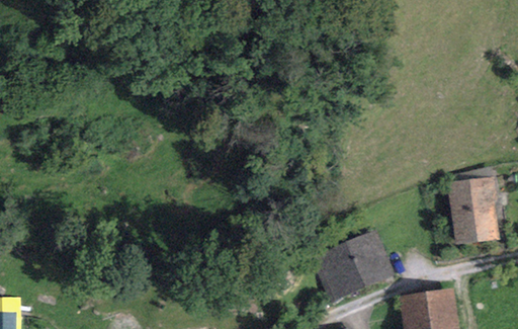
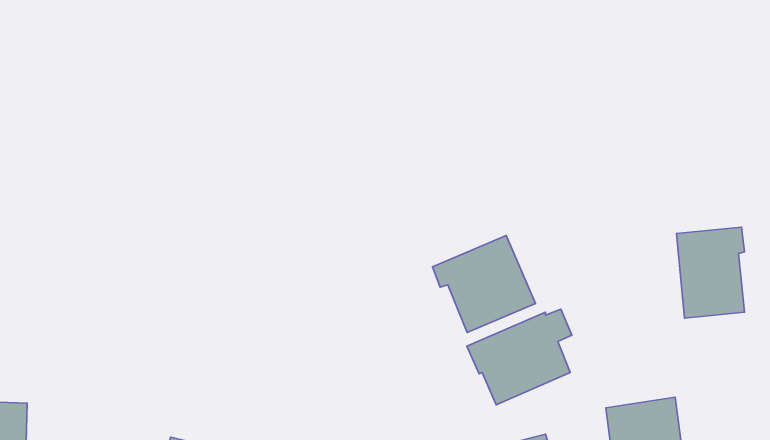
building: none -> [433,235,536,332]

